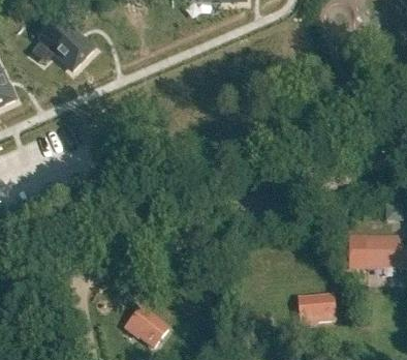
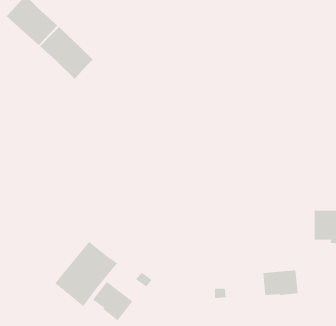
building: none -> [39,26,94,80]
building: none -> [55,241,118,307]

